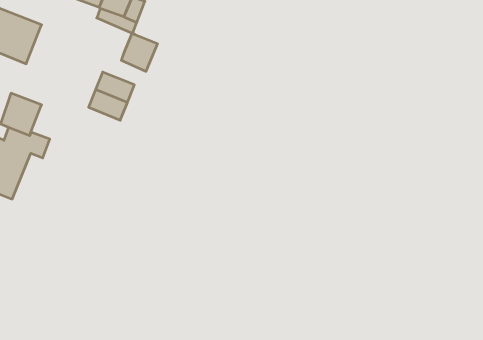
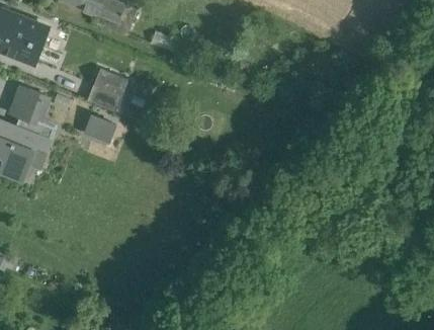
building: [121,33,157,71] -> none
building: none -> [85,111,119,142]

